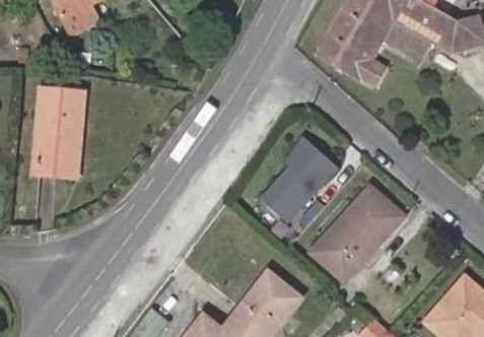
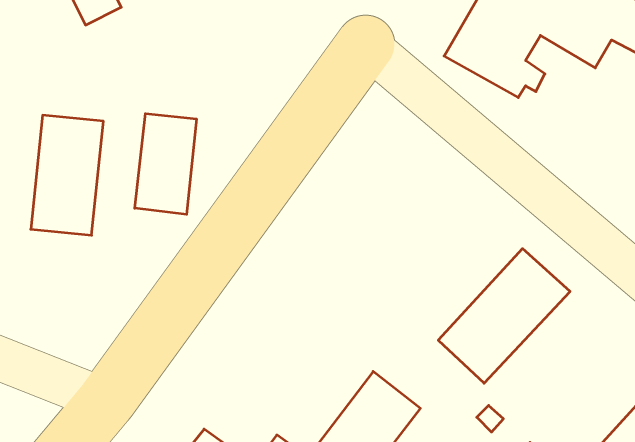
building: none -> [135,114,196,214]
building: [263,136,342,221] -> none

